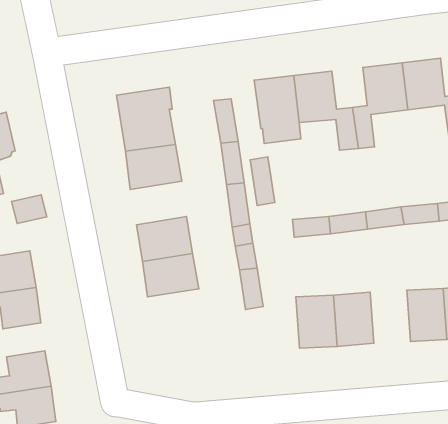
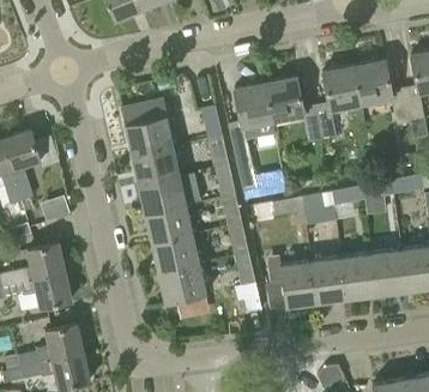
building: none -> [137,176,185,215]
building: none -> [157,264,206,304]
building: none -> [340,253,376,298]

